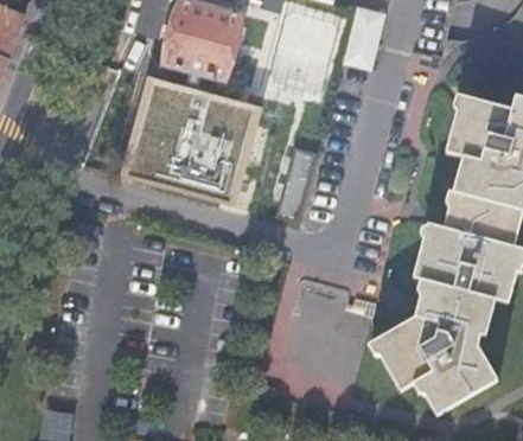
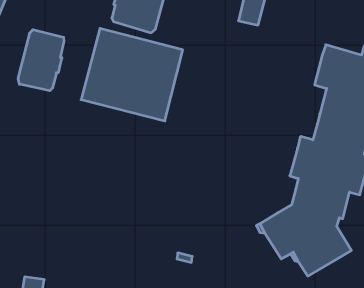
building: none -> [18,30,64,91]

